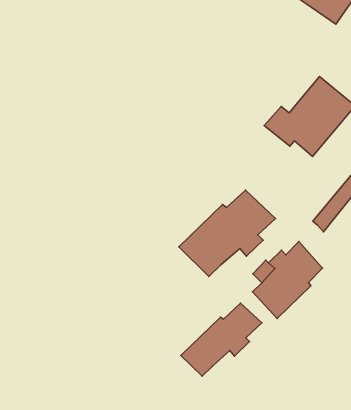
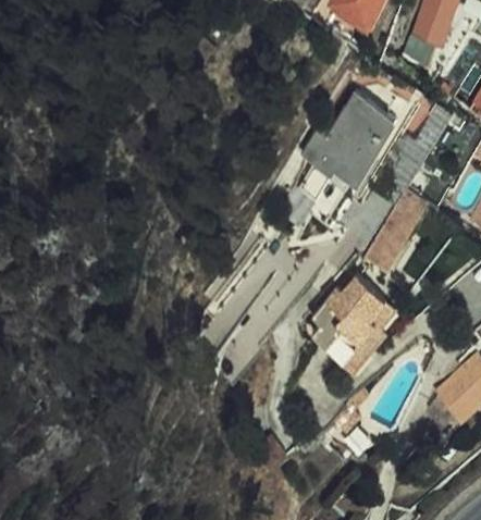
building: [179,190,276,277] -> none
building: [181,303,262,376] -> none

